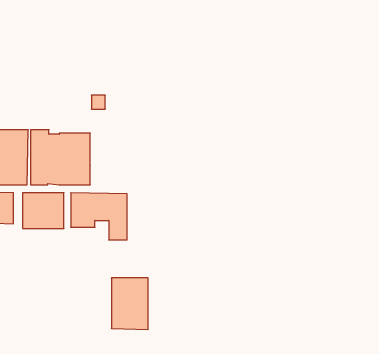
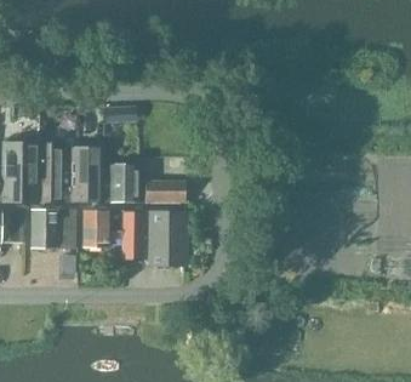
building: none -> [102,165,137,201]
building: none -> [143,181,183,203]
building: [111,278,148,330] -> [147,211,185,266]

